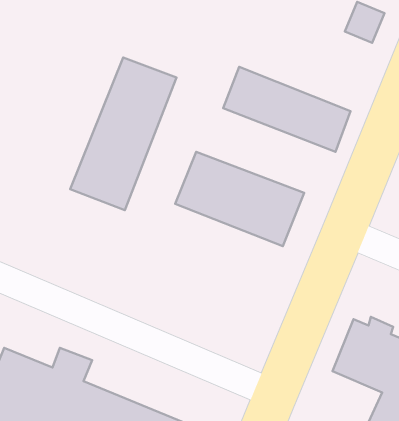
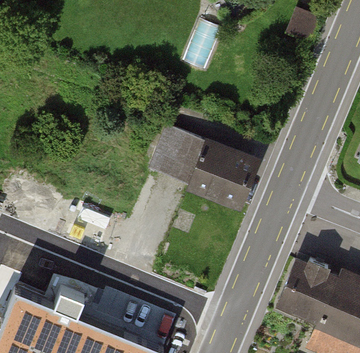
building: [70,57,177,210] -> none
building: [223,67,351,152] -> none

